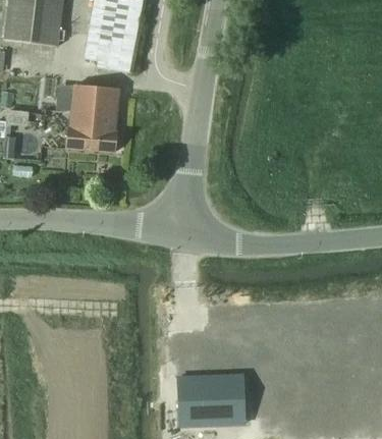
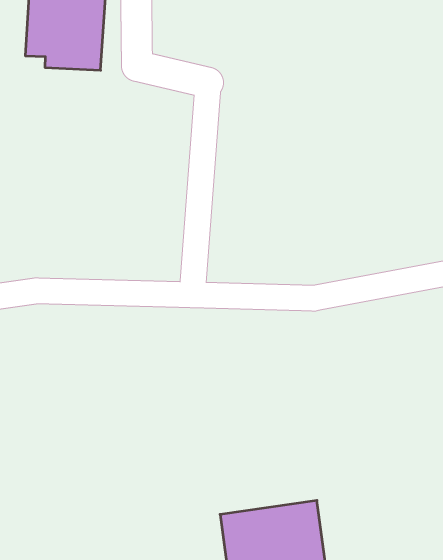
building: [66,84,118,151] -> none

